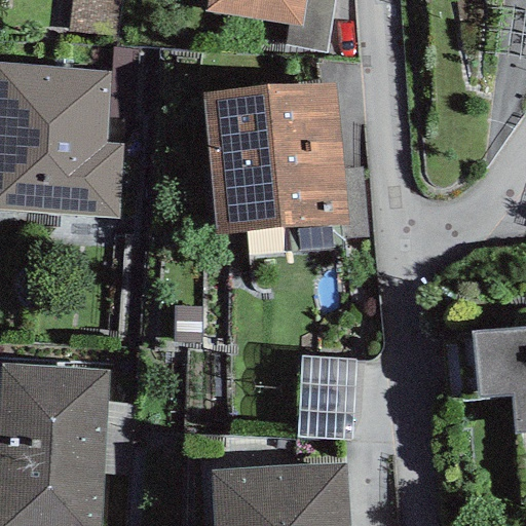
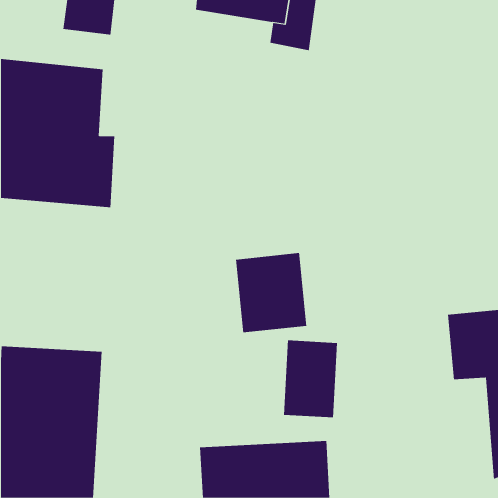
building: [202,82,350,233] -> none
building: none -> [235,252,307,333]

